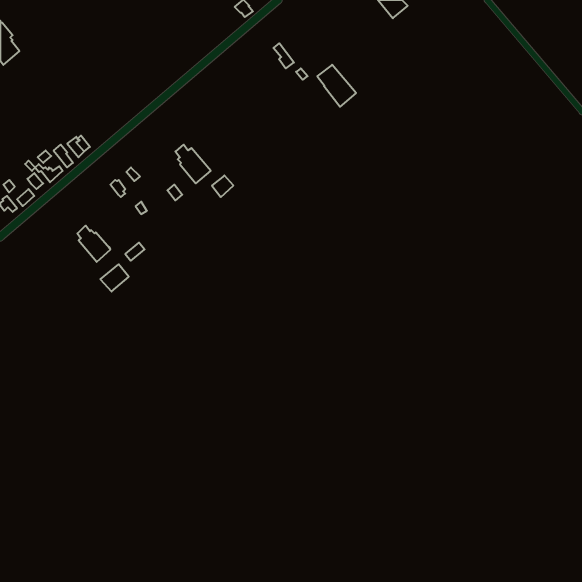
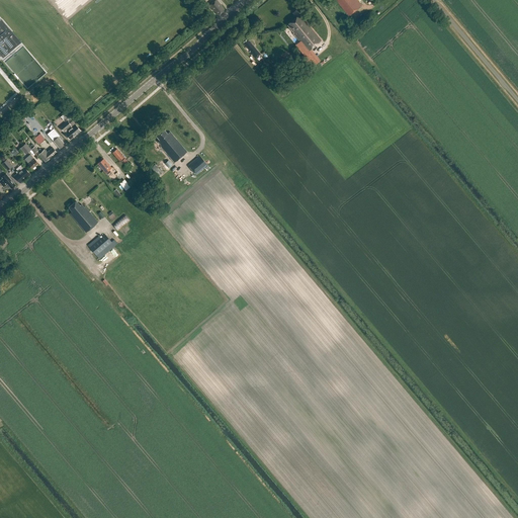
building: [317,65,356,107] -> [287,14,322,52]

